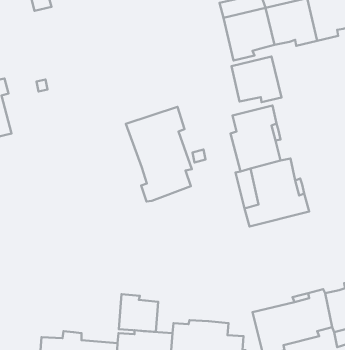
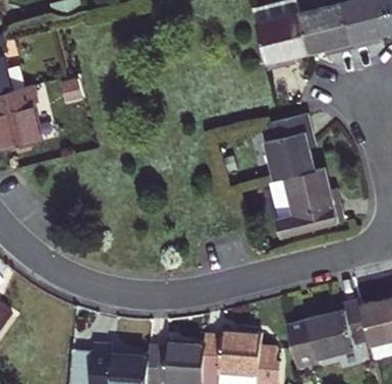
building: [231,57,281,102] -> none
building: [126,107,192,201] -> none
building: [119,294,158,332] -> none

